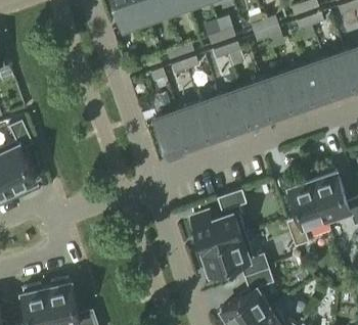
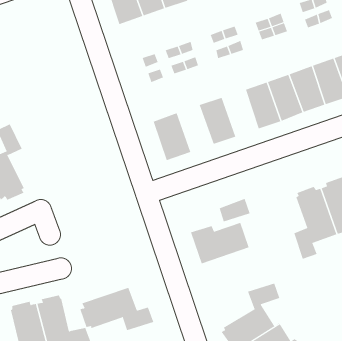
building: [220,89,254,133] -> none
building: [178,103,212,147] -> none
building: [199,236,269,277] -> [79,287,154,331]

